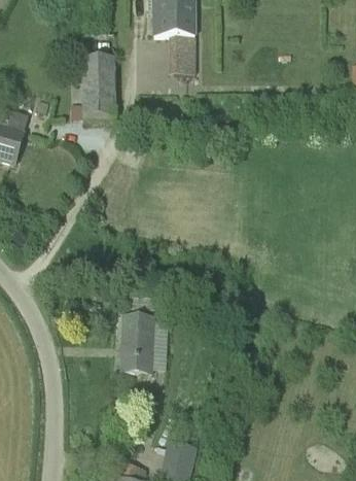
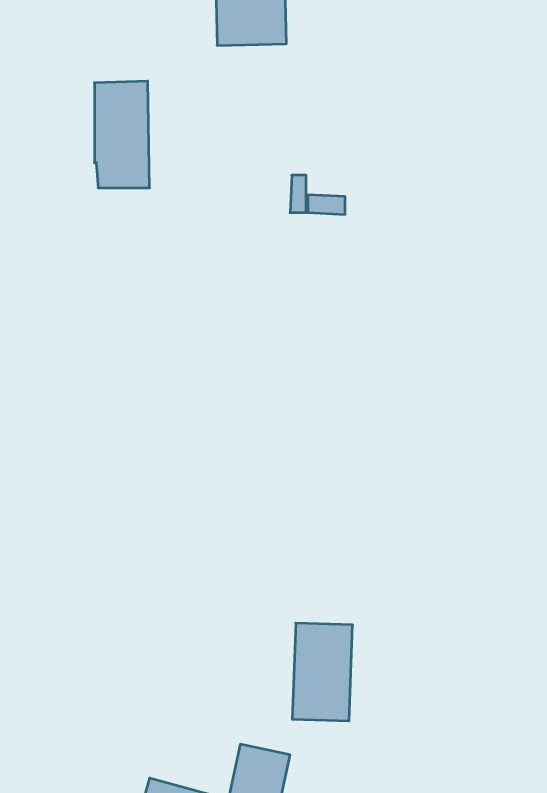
building: [121,314,156,371] -> [292,623,353,721]

